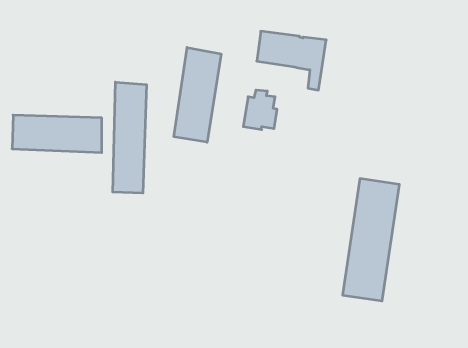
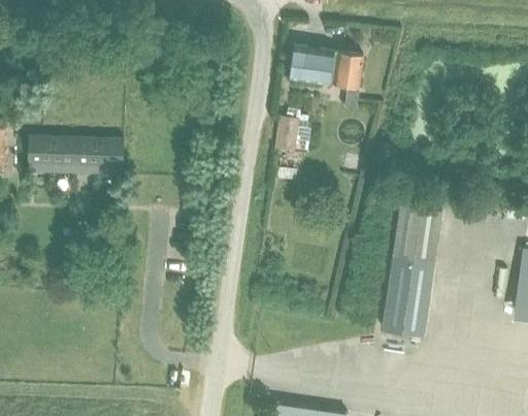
building: [174,47,221,142] -> none
building: [113,82,146,193] -> none

